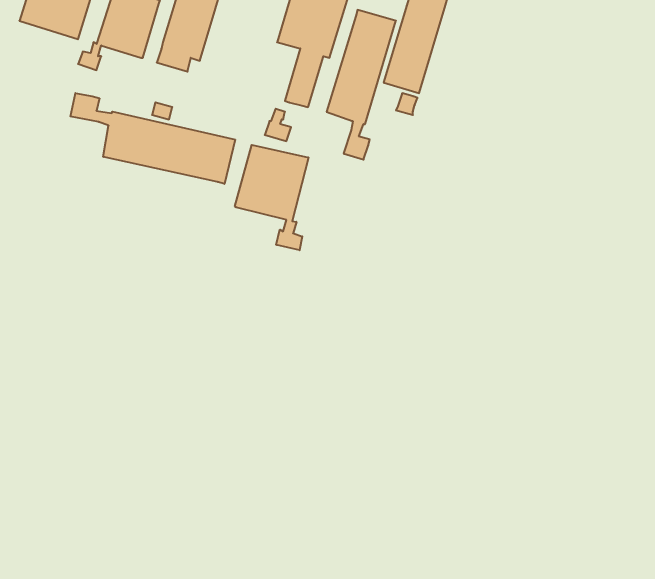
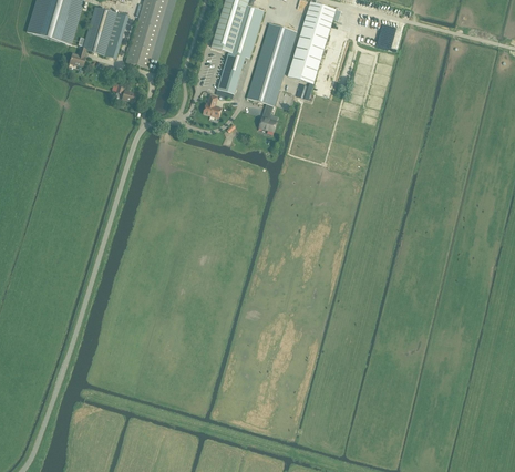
building: [70,93,235,184] -> none
building: [235,145,308,250] -> none

